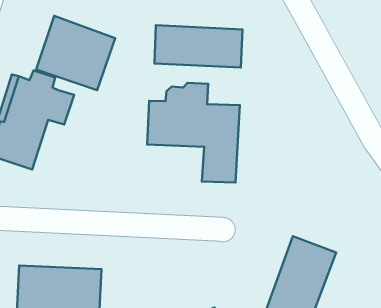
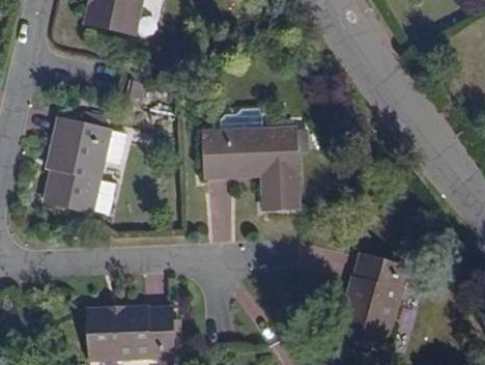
building: [36,16,115,90] -> none
building: [154,25,242,68] -> none

